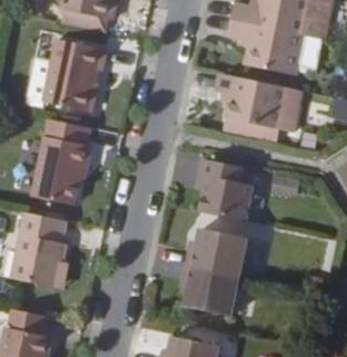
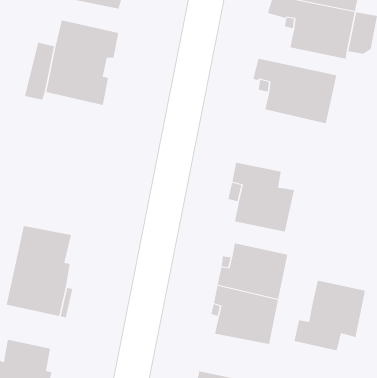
building: [31,120,91,207] -> none
building: none -> [294,280,366,351]

